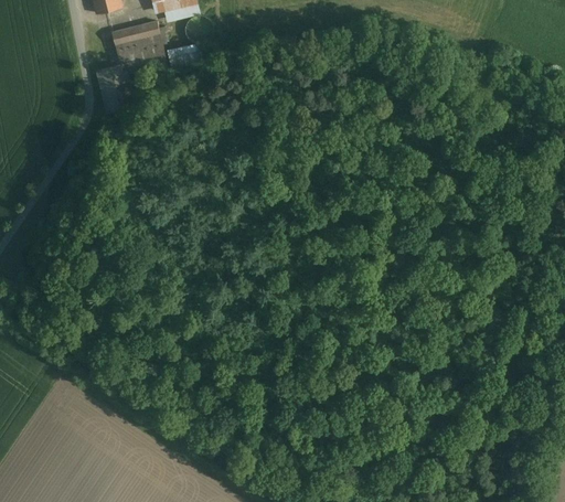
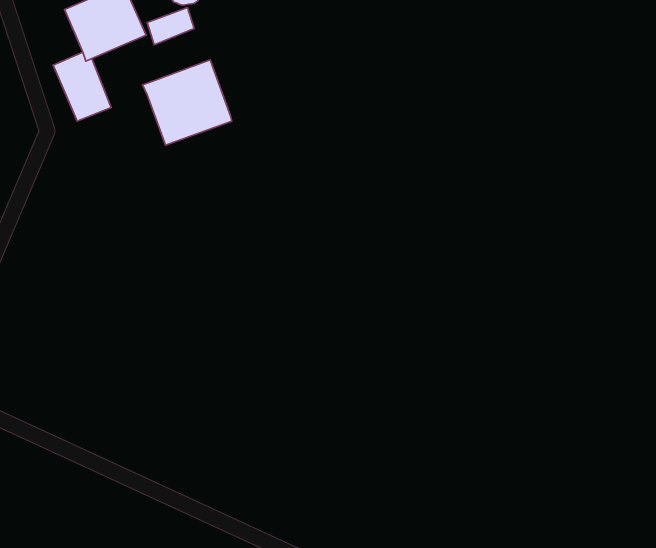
building: none -> [143,60,232,145]

